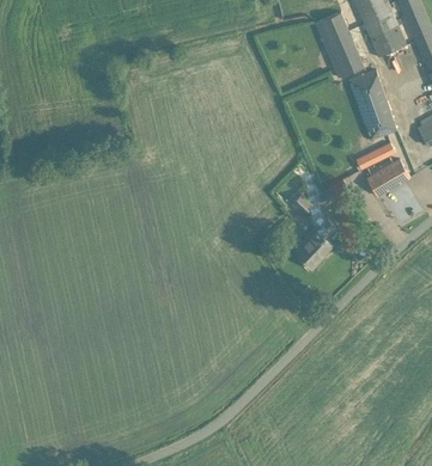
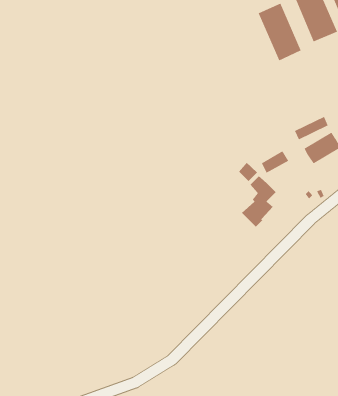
building: [348,70,396,141] -> none

